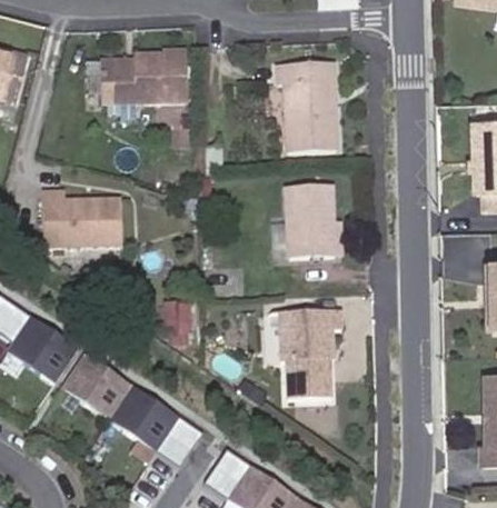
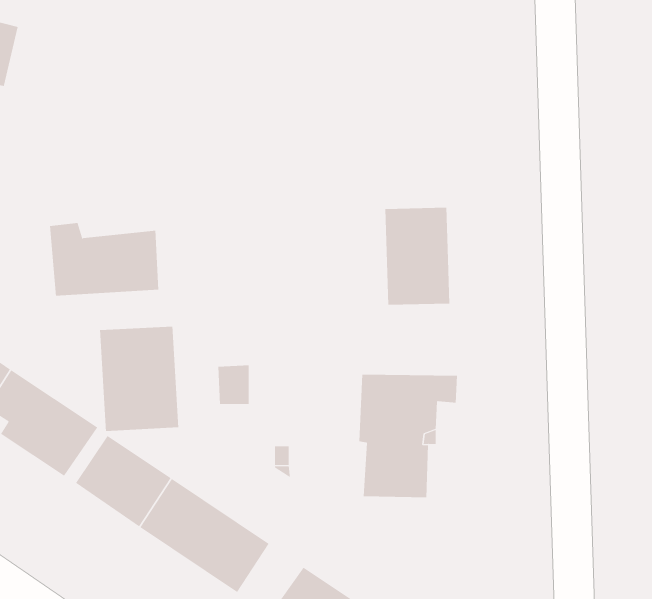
building: [83,50,183,103] -> none
building: [281,64,337,151] -> none
building: none -> [100,326,179,432]

